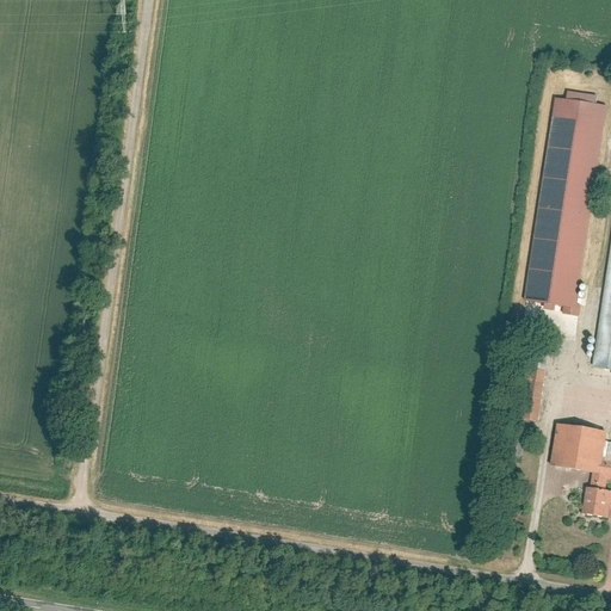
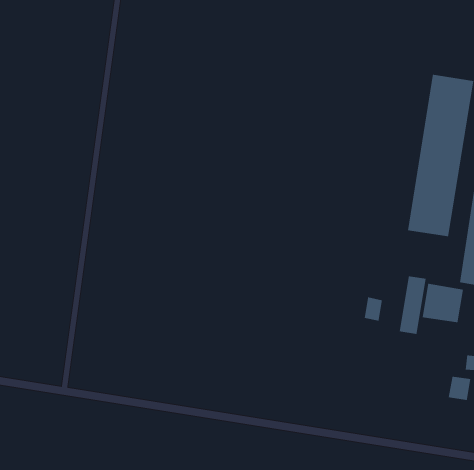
building: none -> [364,297,383,322]
building: [549,421,603,473] -> [422,283,464,323]

